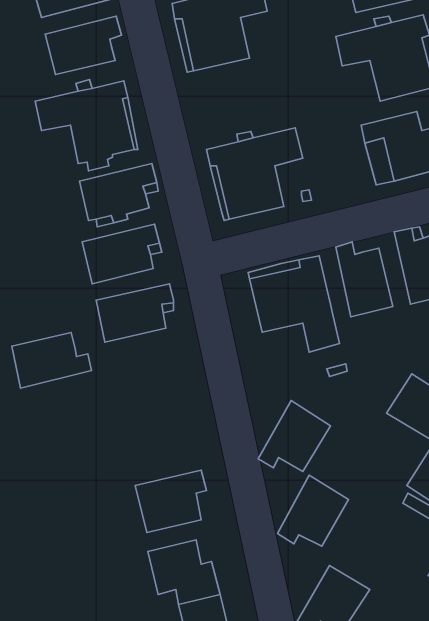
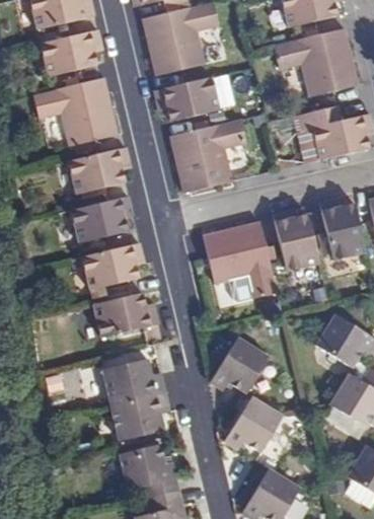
building: none -> [154,76,218,121]
building: [12,332,92,388] -> [92,293,156,338]
building: none -> [104,360,165,403]

